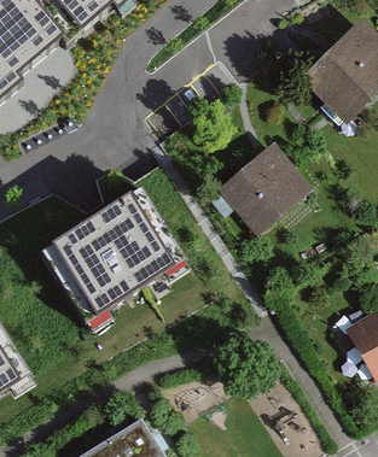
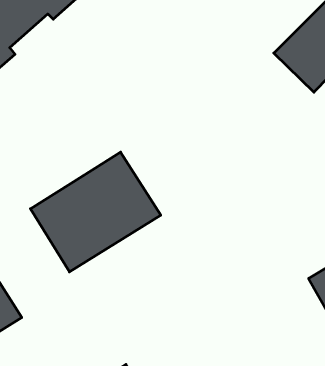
building: [222,145,312,233] -> none

